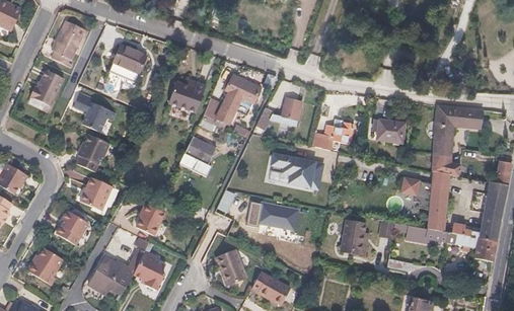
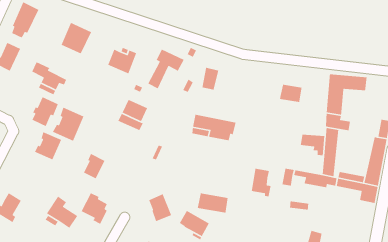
building: [320,120,353,150] -> none
building: none -> [52,107,85,142]
building: [259,205,297,230] -> [197,192,229,213]
building: [56,211,87,245] -> none

